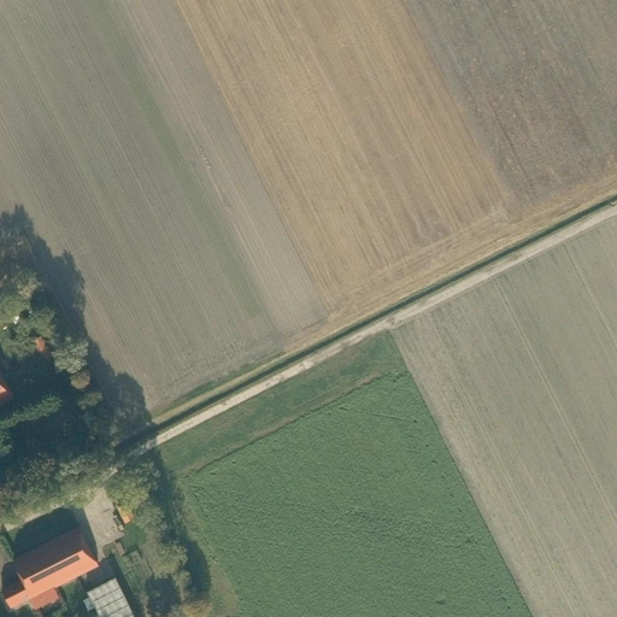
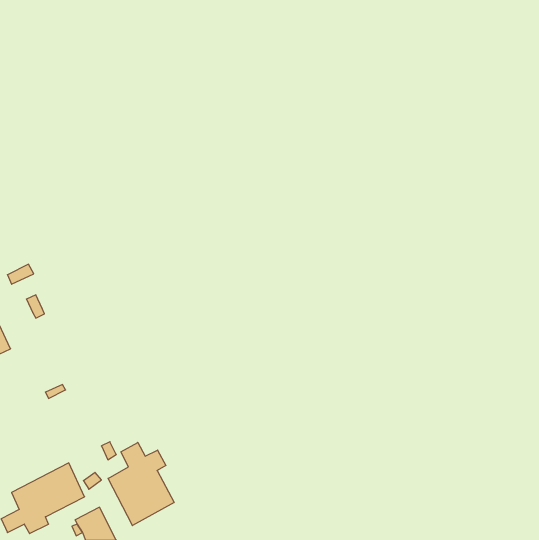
building: none -> [108,442,174,526]

